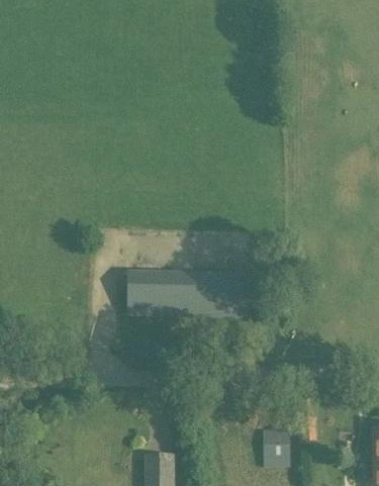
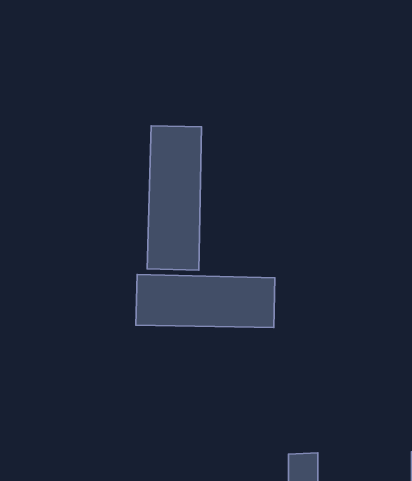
building: none -> [147,126,202,270]

